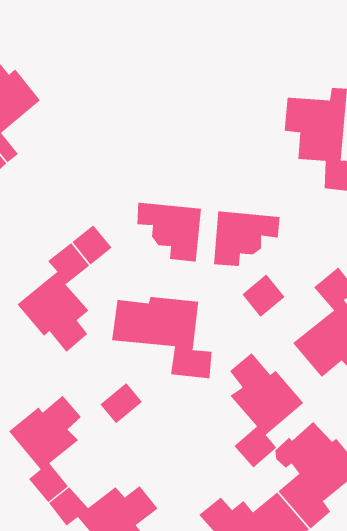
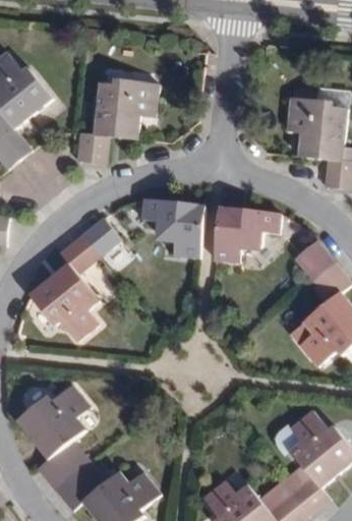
building: none -> [74,77,155,164]
building: [241,274,286,318] -> [294,237,337,280]
building: [111,296,212,379] -> none
building: [229,352,304,468] -> none
building: [99,382,143,424] -> none

